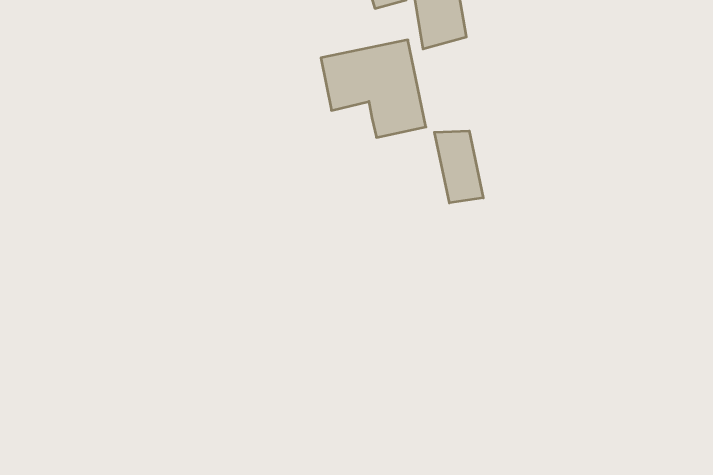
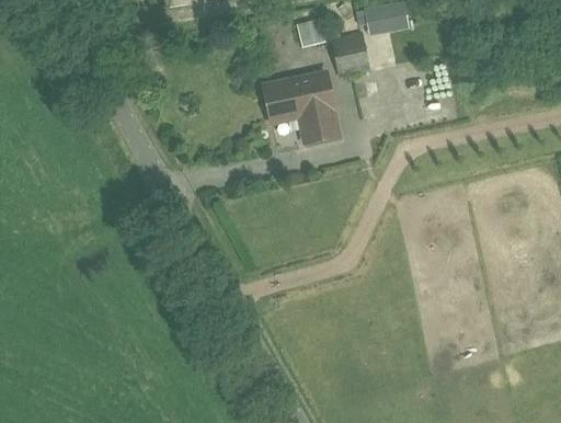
building: [434,131,483,203] -> none

